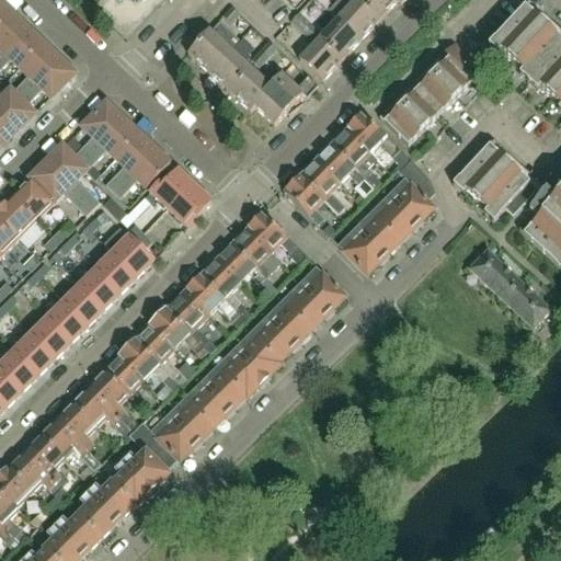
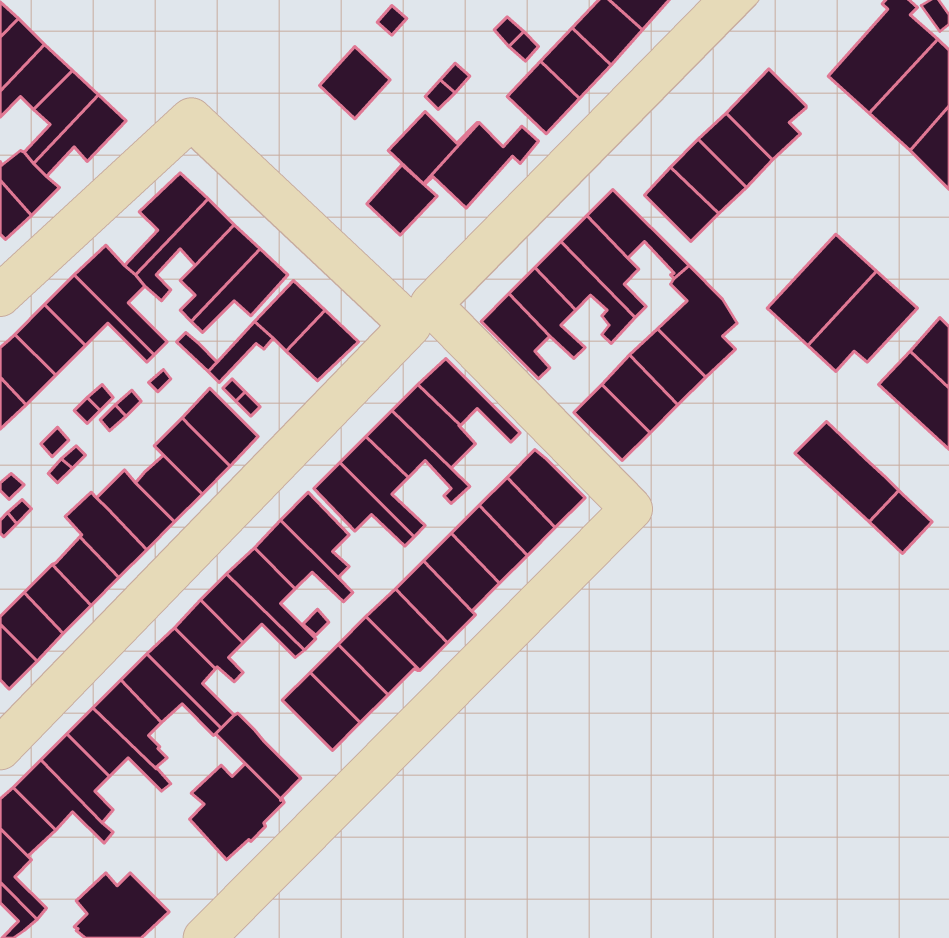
building: [209,47,251,89] -> [367,165,437,235]
building: [150,413,196,459] -> none
building: [77,482,134,538] -> none

